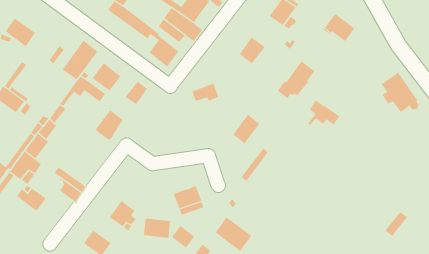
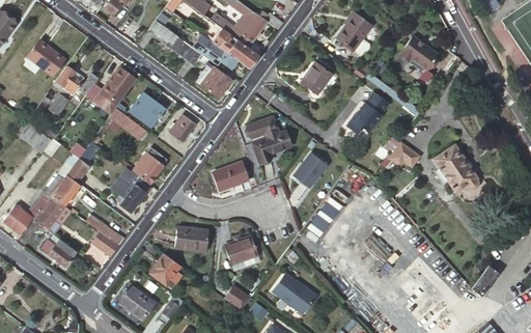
building: none -> [49,65,82,115]
building: [381,72,419,113] -> [434,144,478,192]
building: none -> [252,131,290,162]
building: none -> [212,162,249,190]
building: none -> [115,169,150,212]
building: [143,218,171,239] -> [175,227,207,251]

